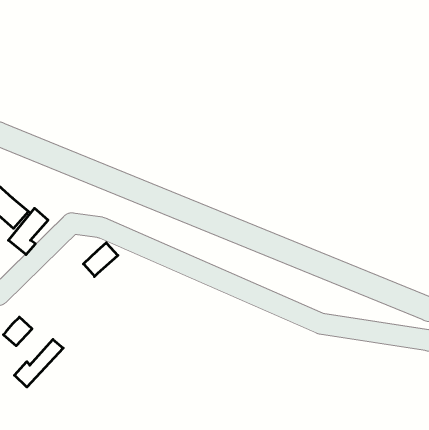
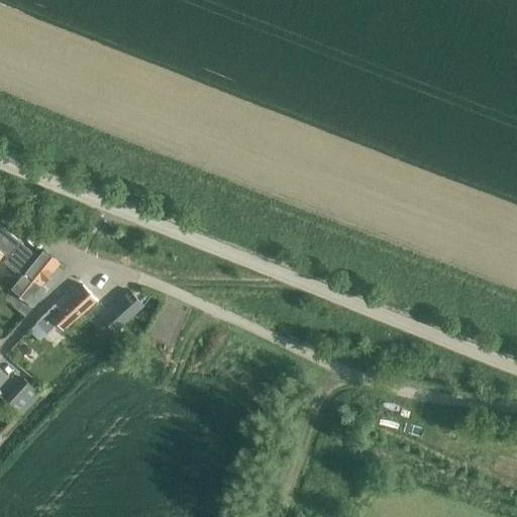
building: none -> [33,286,96,334]
building: [14,339,63,387] -> none

